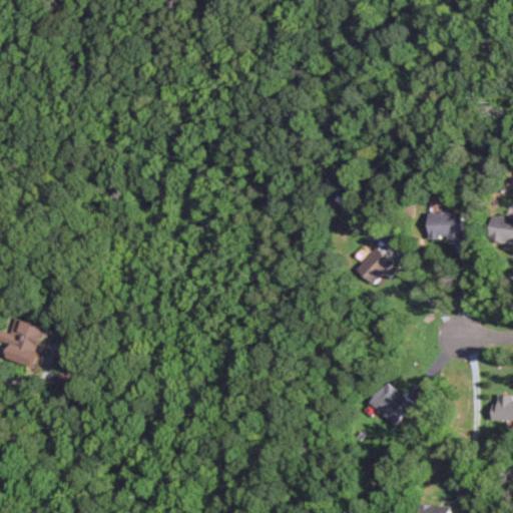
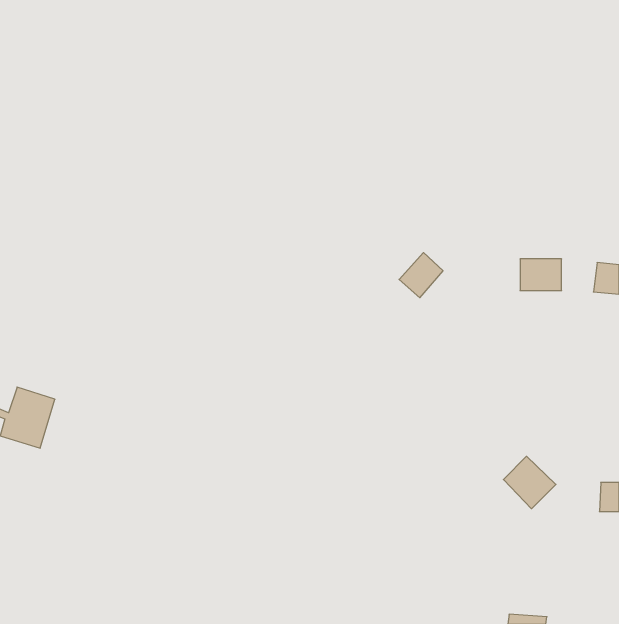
building: [355,247,391,285] -> [399,253,443,298]
building: [369,382,412,425] -> [503,456,556,509]

